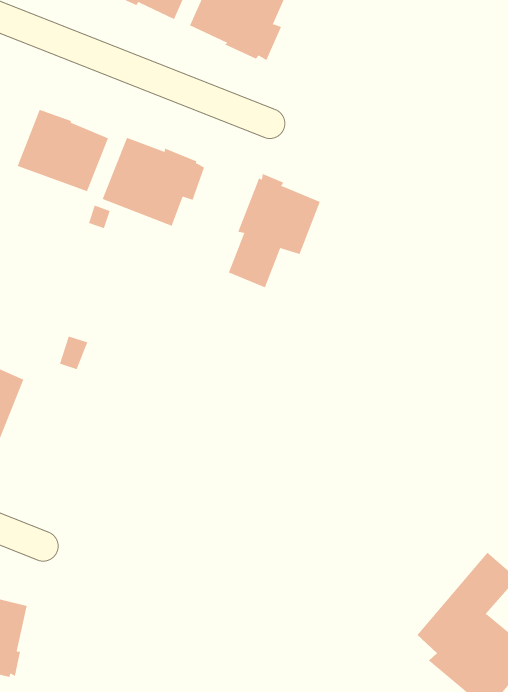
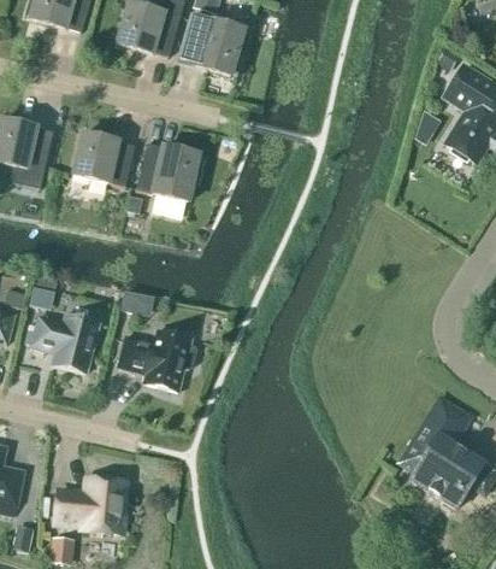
building: [228,173,320,288] -> none
building: none -> [118,328,197,389]

